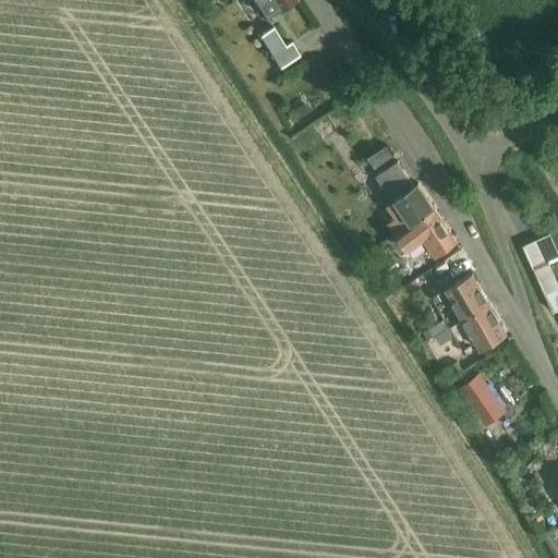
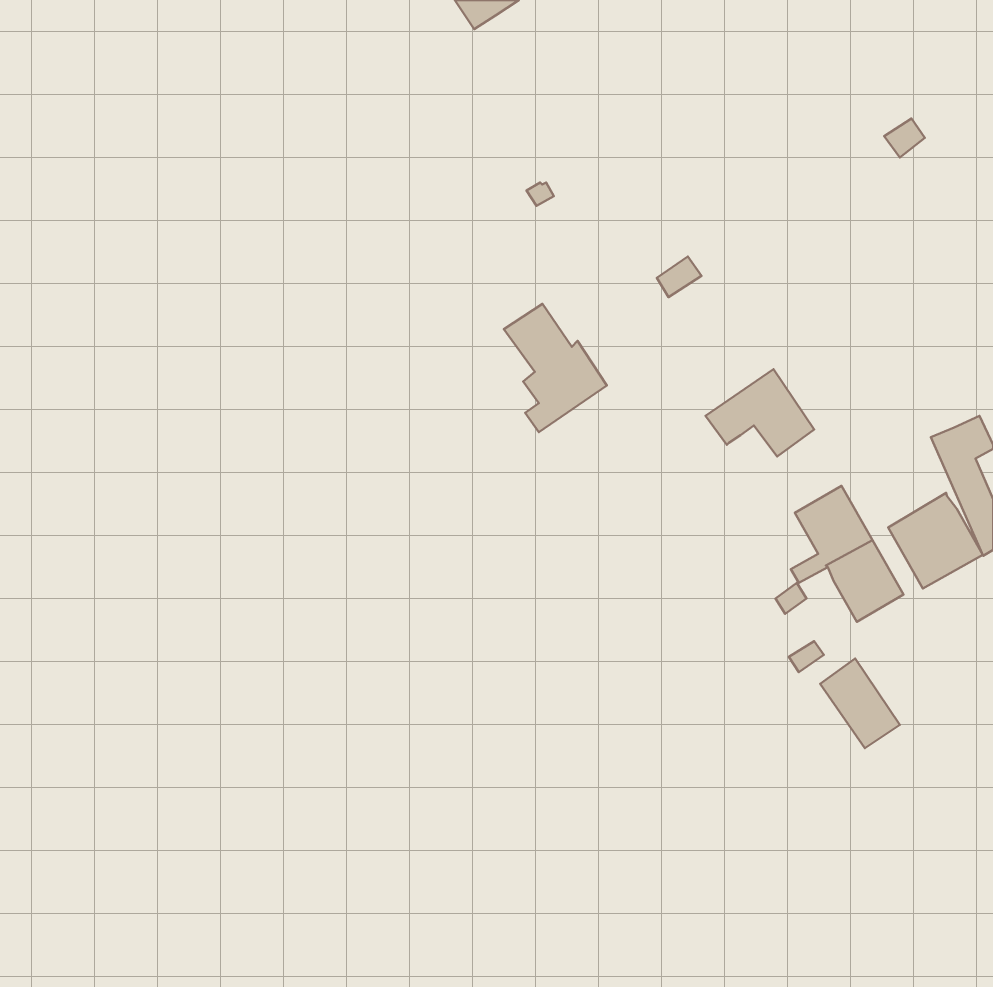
building: [259,29,300,70] -> none
building: [376,165,434,236] -> [504,304,607,432]
building: none -> [888,493,983,588]

